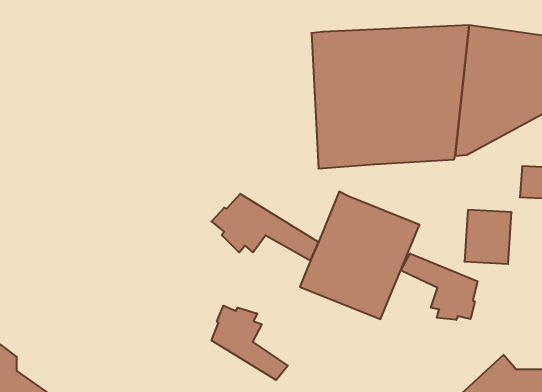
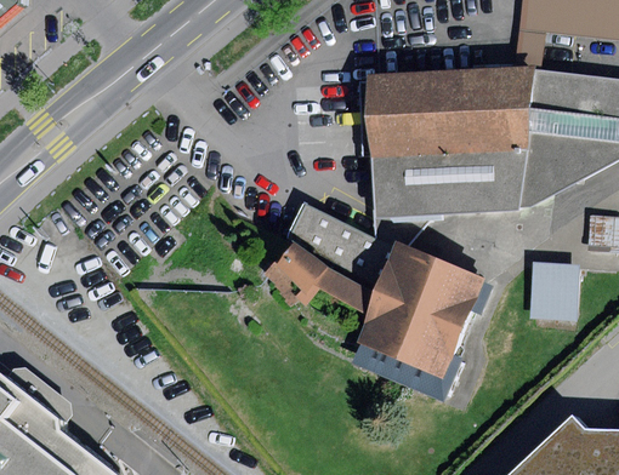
building: none -> [285,202,436,291]
building: [401,253,478,320] -> none
building: [212,306,288,380] -> none

